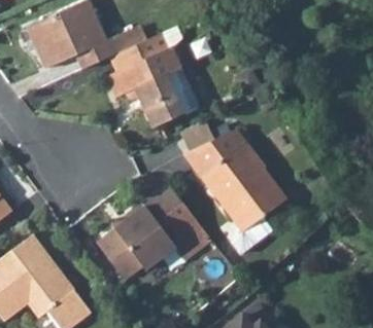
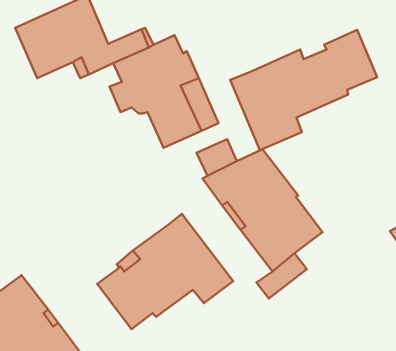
building: none -> [230,30,377,150]

